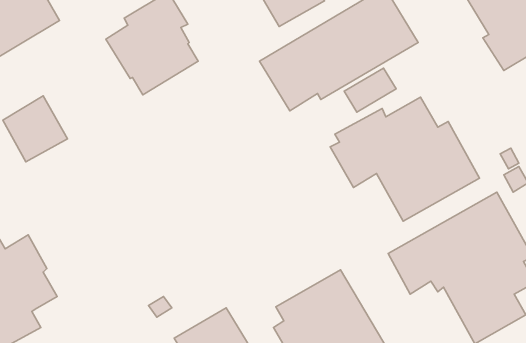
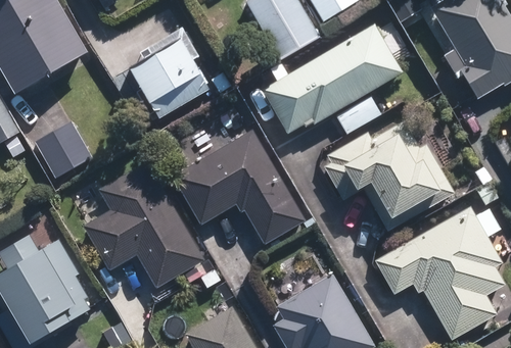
building: none -> [173,130,305,243]
building: none -> [84,161,206,288]

